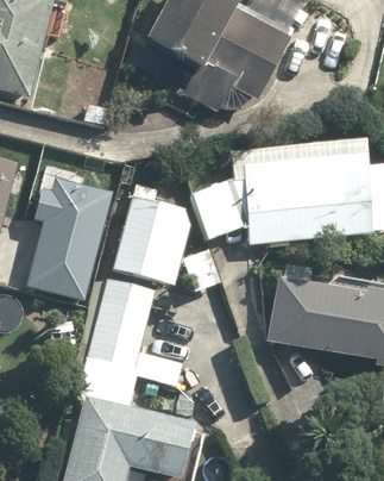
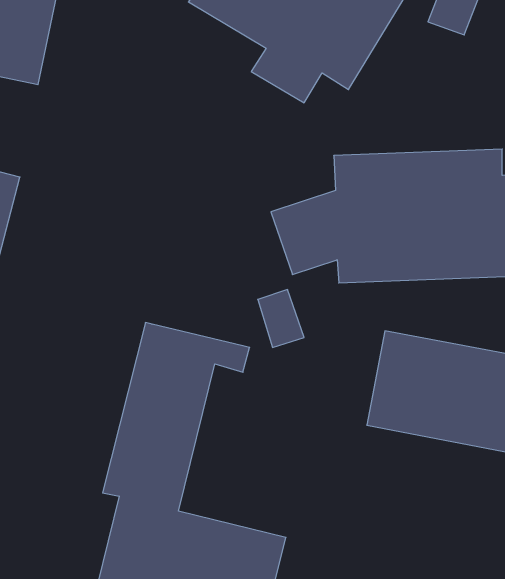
building: [27,161,112,295] -> none
building: [112,181,196,286] -> none

